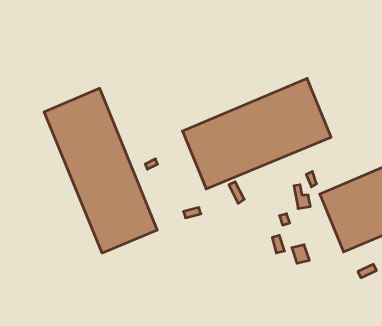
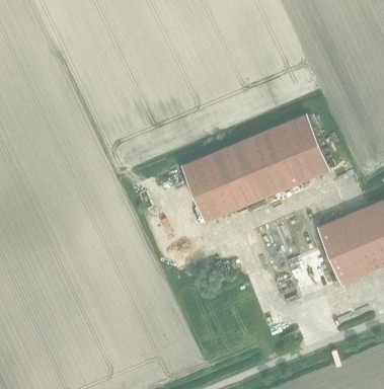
building: [44,88,157,253] -> none

